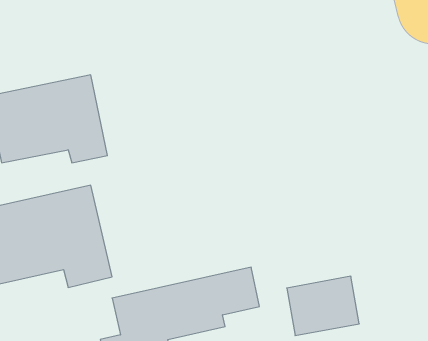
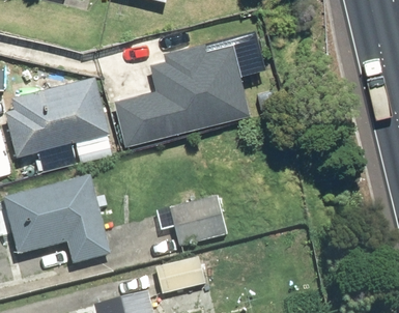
building: none -> [115,40,248,142]
building: [287,276,359,336] -> [167,200,230,252]

